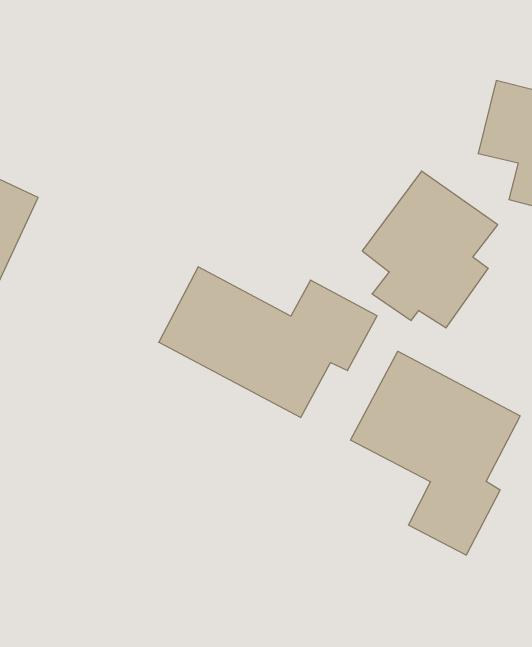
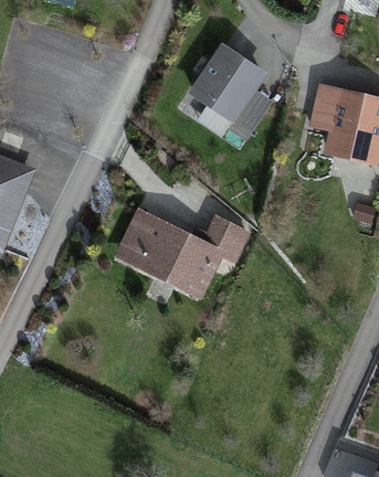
building: [362,171,498,328] -> [190,41,274,138]
building: [351,351,520,555] -> none

